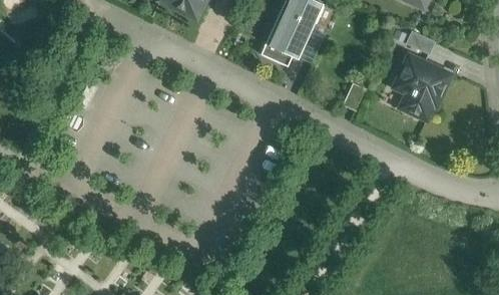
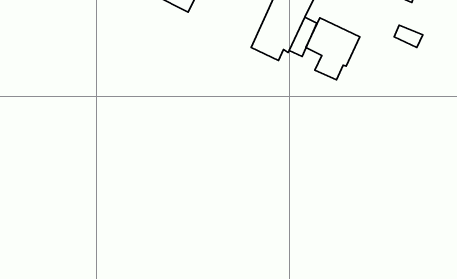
building: [395,56,450,119] -> [306,18,360,80]

